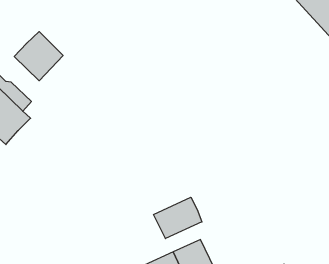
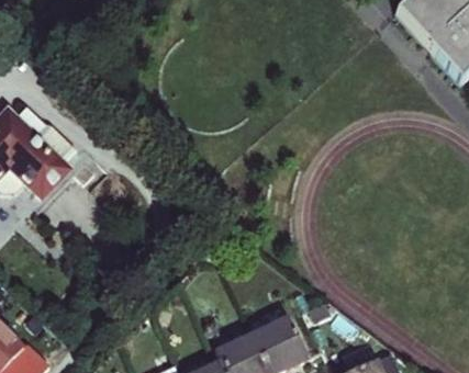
building: [14,32,63,81] -> none
building: [154,197,202,239] -> none

